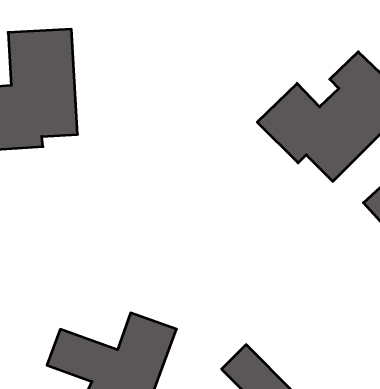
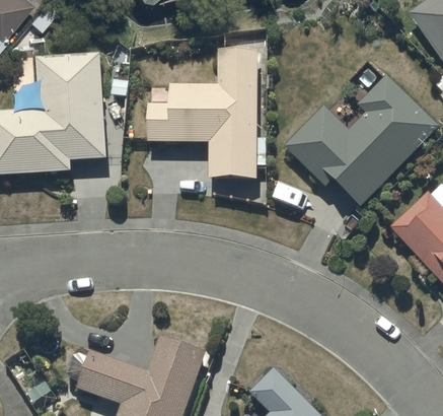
building: none -> [149,50,267,178]

